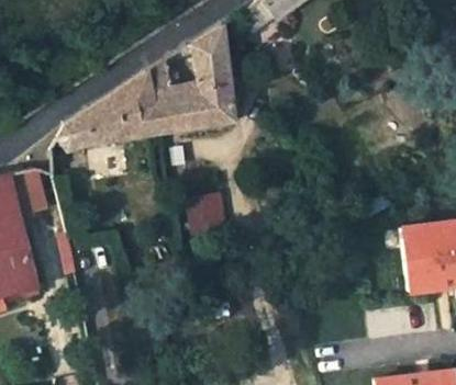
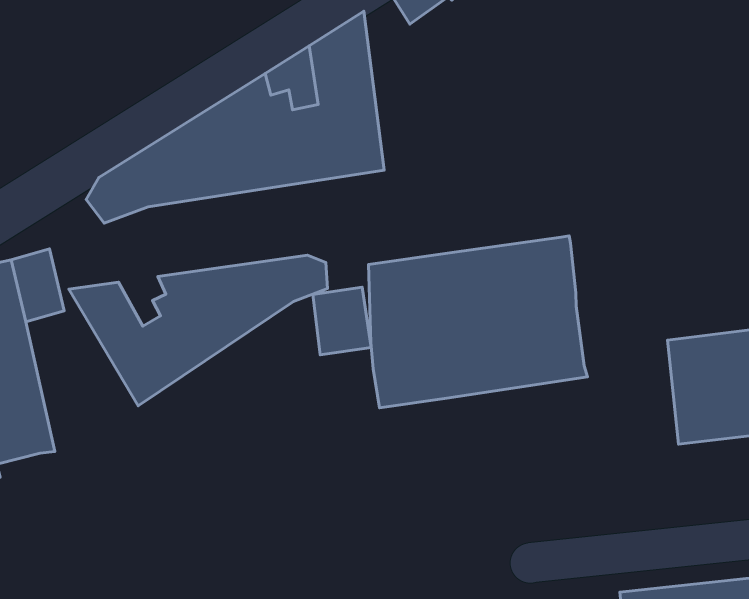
building: none -> [369,236,587,408]
building: none -> [69,255,327,406]

